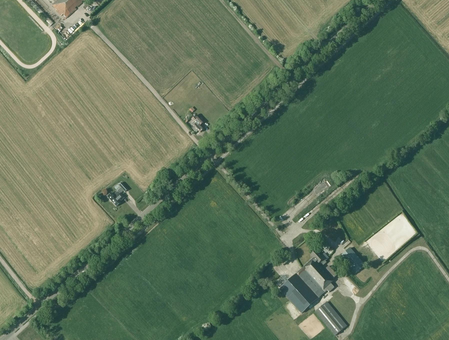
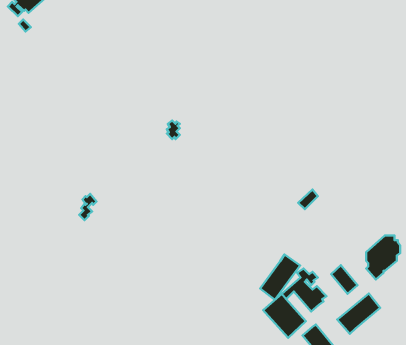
building: none -> [260,255,300,300]
building: none -> [337,293,380,334]

